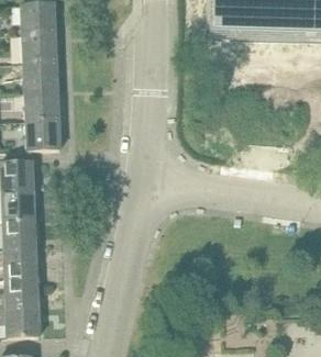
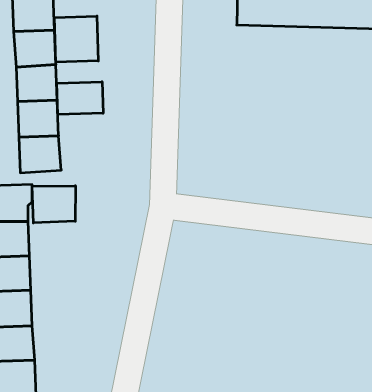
building: none -> [54,16,98,62]
building: none -> [57,82,103,115]
building: none -> [32,186,75,223]

